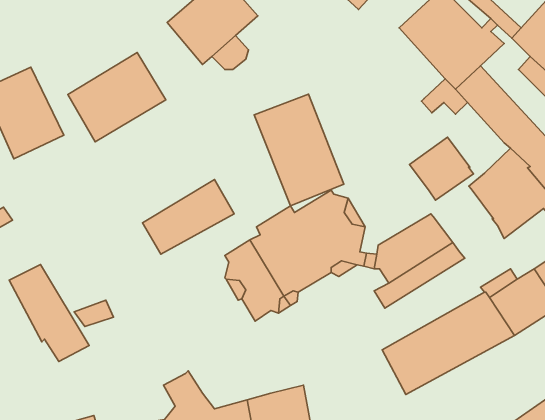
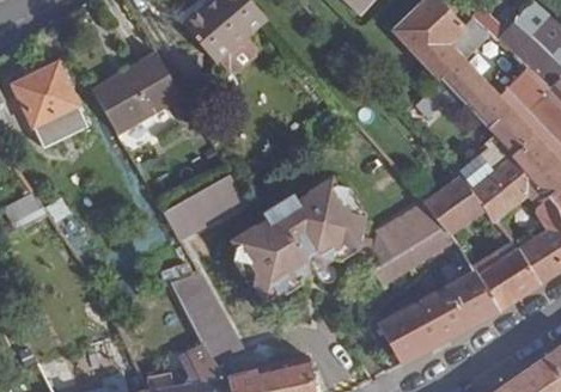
building: [254,94,344,206] -> none
building: [409,137,474,200] -> [427,176,486,233]
building: [9,264,89,361] -> [171,274,244,362]

